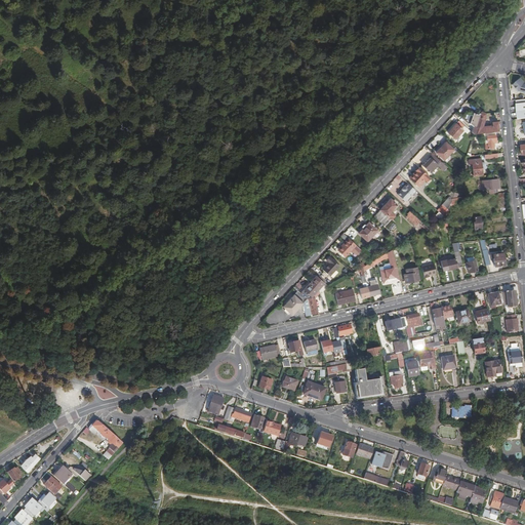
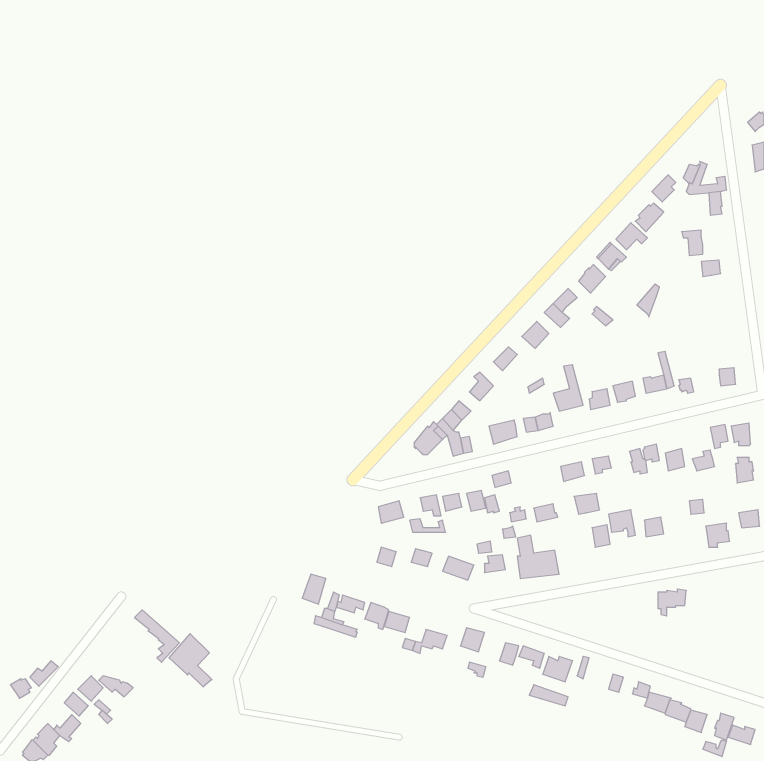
building: none -> [169,634,212,687]

